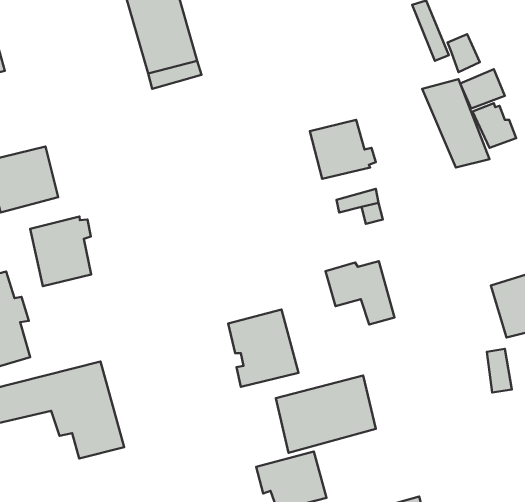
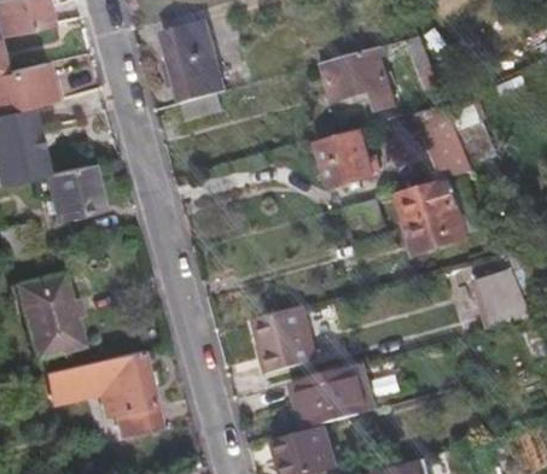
building: none -> [326,48,398,111]
building: [30,216,91,286] -> none
building: [326,261,394,324] -> [403,186,462,240]

